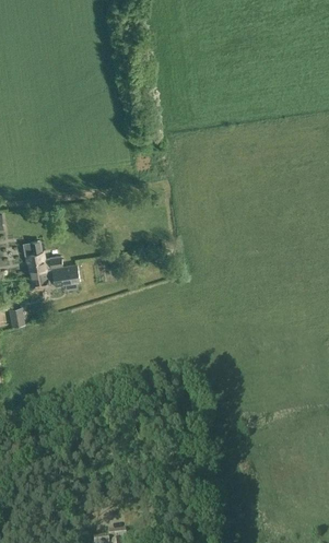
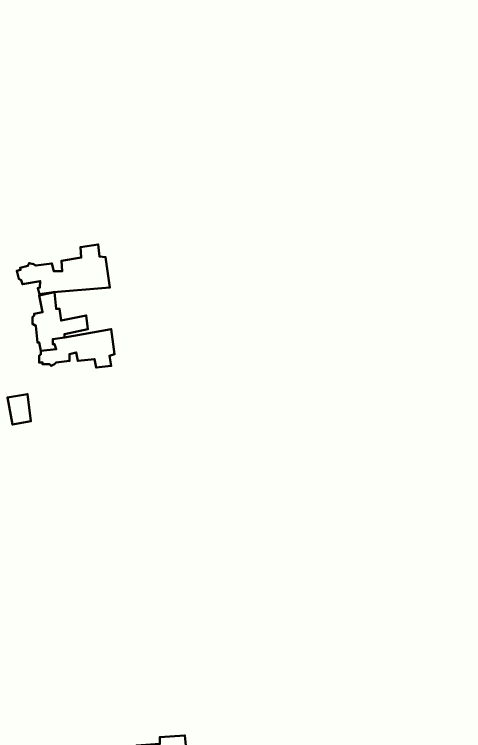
building: none -> [17,244,110,294]

